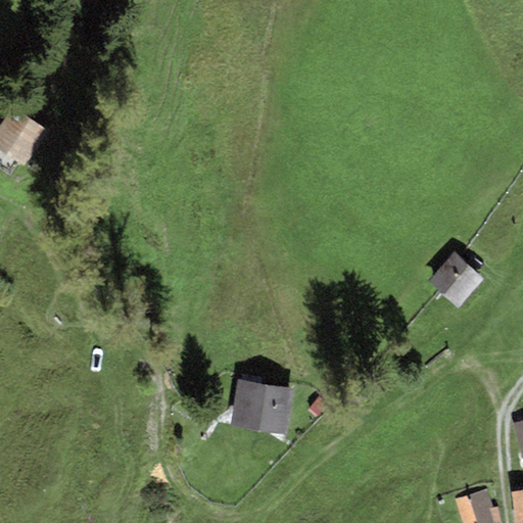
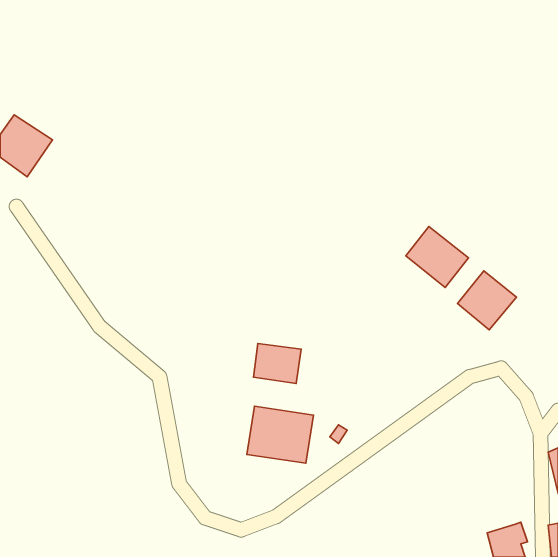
building: none -> [406,226,468,287]
building: none -> [253,343,301,383]

